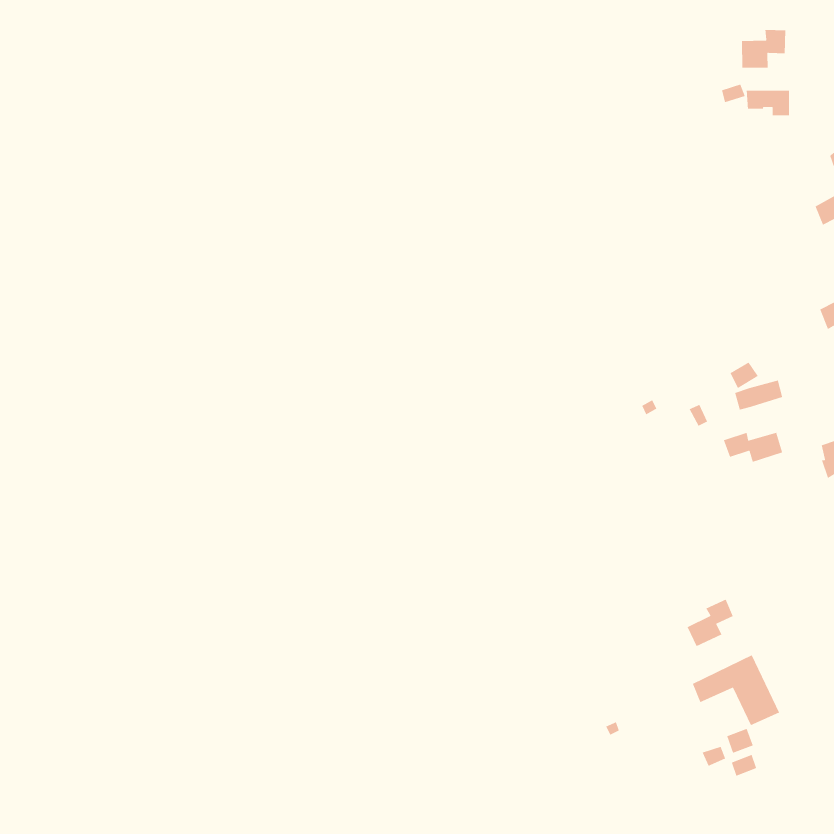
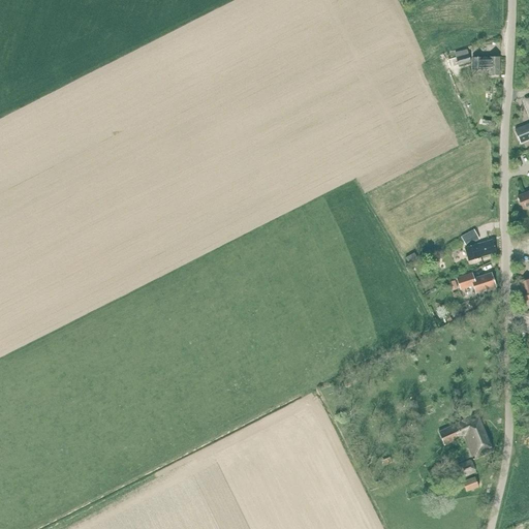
building: [741,29,786,69] -> none
building: [687,599,734,647] -> none

